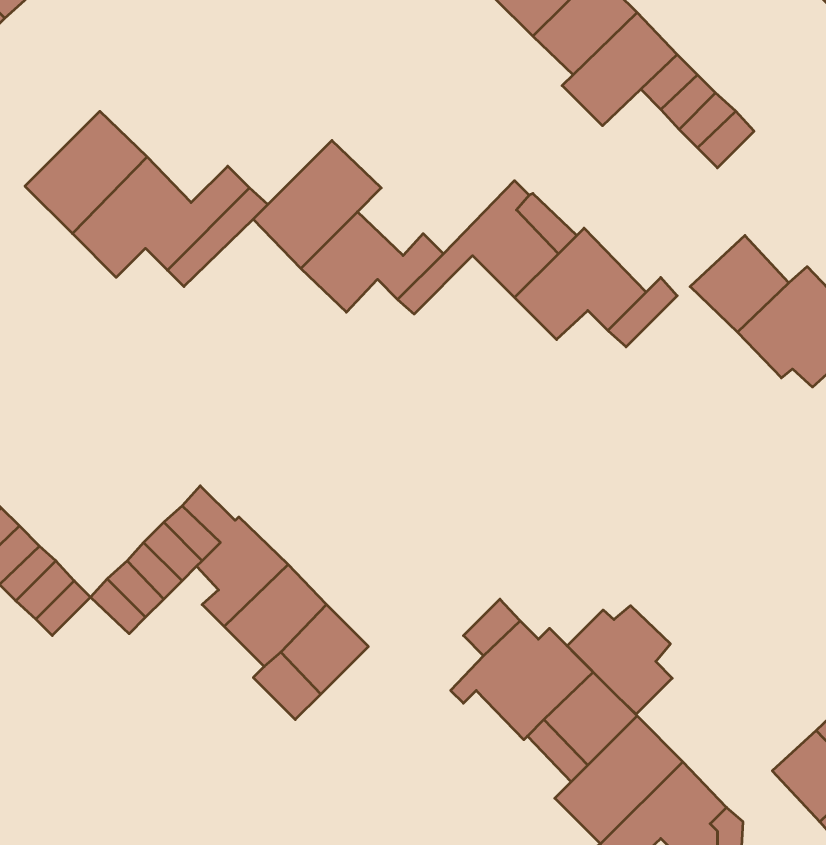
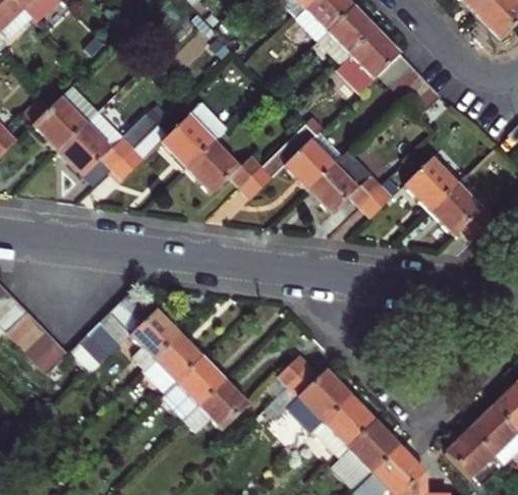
building: [567,606,672,714] -> none
building: none -> [184,381,247,433]

